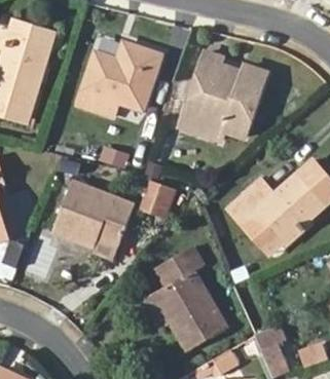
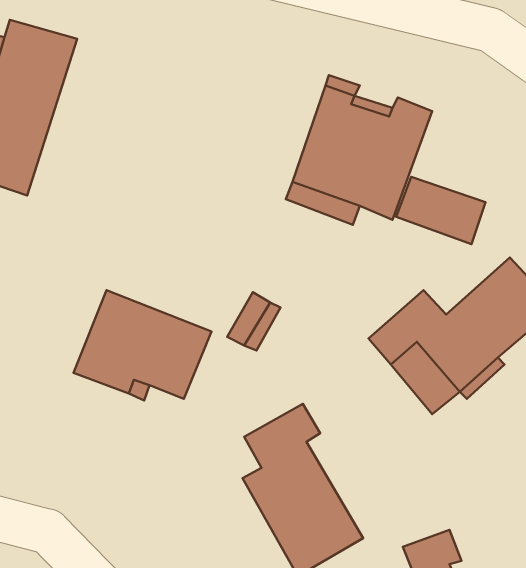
building: [79,42,160,115] -> none
building: none -> [396,177,486,244]

